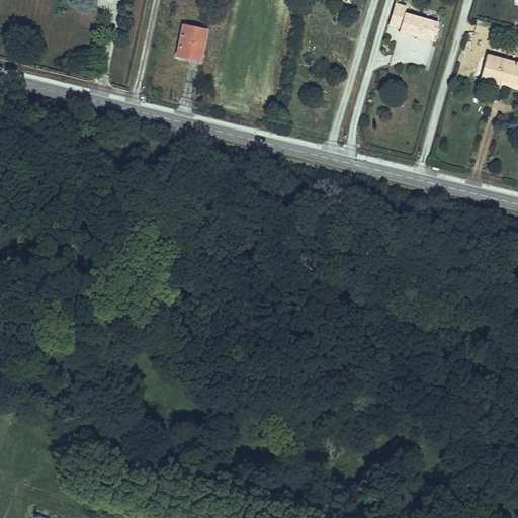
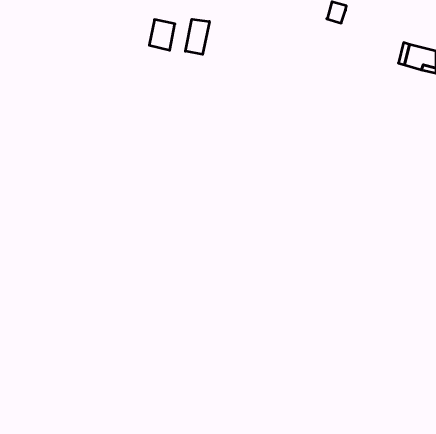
building: [404,12,442,41] -> none
building: none -> [185,19,209,54]

